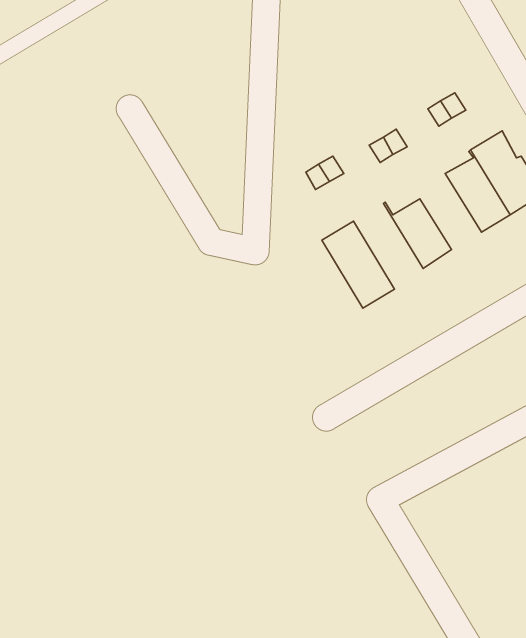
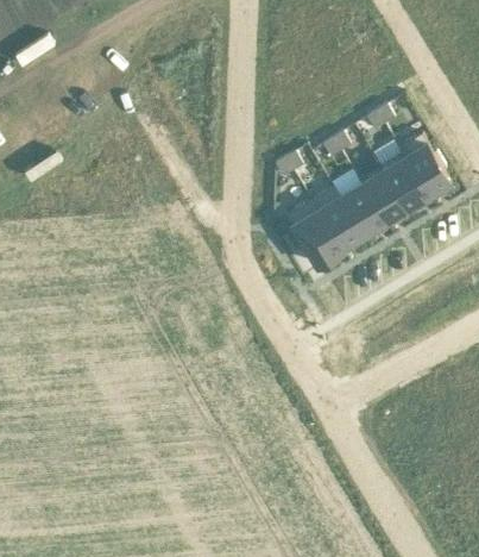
building: none -> [361,169,408,226]
building: none -> [311,192,364,256]

